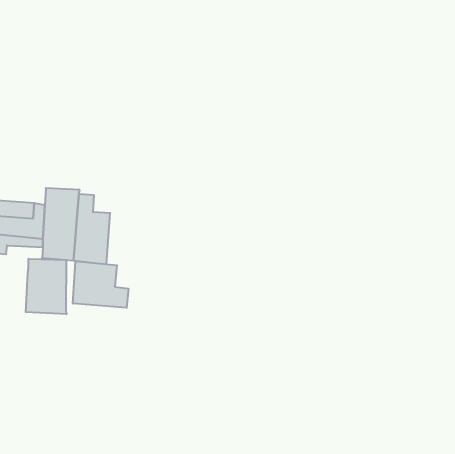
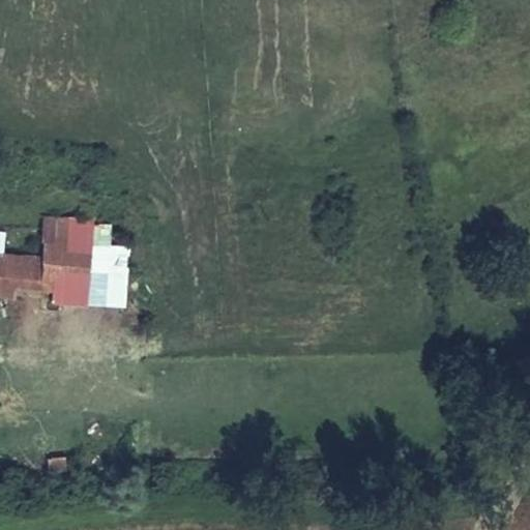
building: [26,259,66,314] -> none
building: [73,261,128,308] -> none

